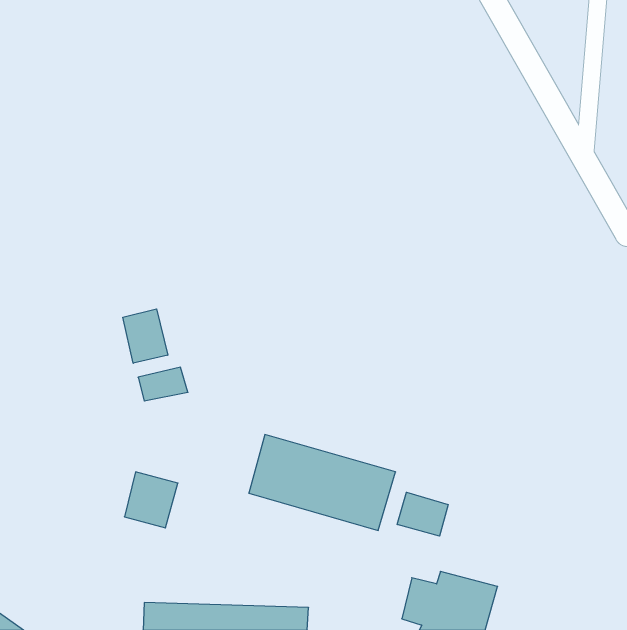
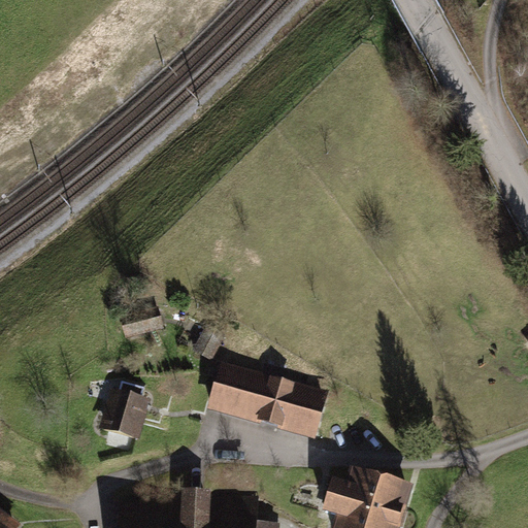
building: [123,309,168,363] -> none
building: [397,492,448,536] -> none

